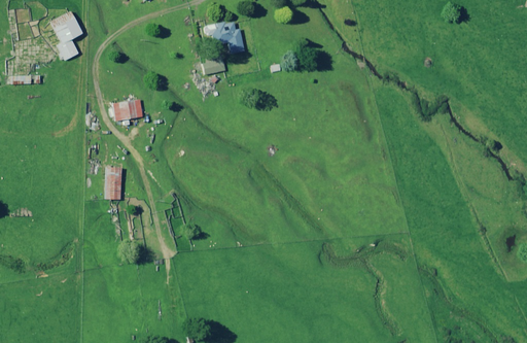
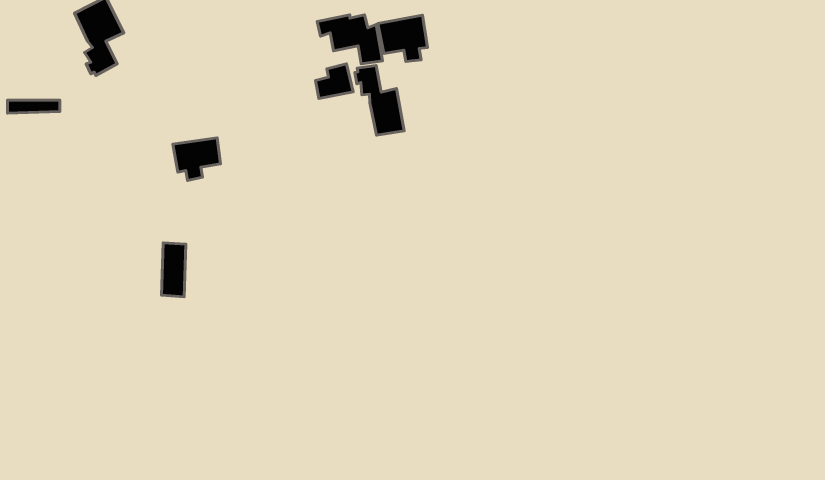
building: none -> [378,15,428,61]
building: none -> [355,65,404,135]

